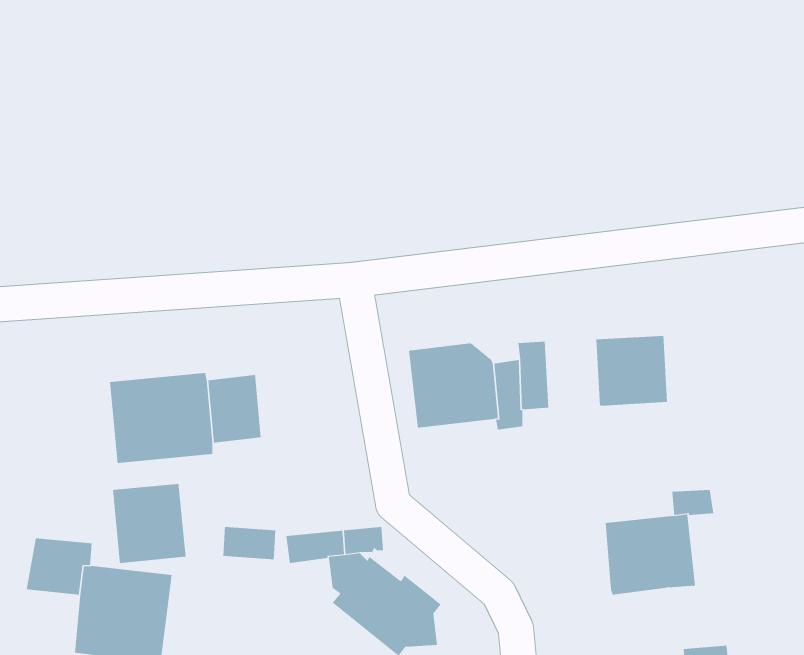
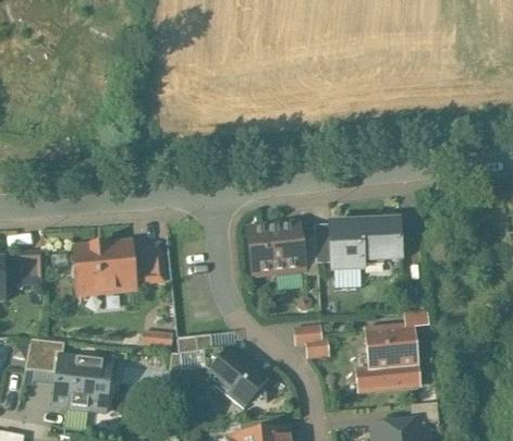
building: none -> [329,221,362,270]
building: none -> [14,250,44,283]
building: [113,483,186,564] -> none
building: none -> [300,330,327,355]
building: none -> [354,367,403,390]

